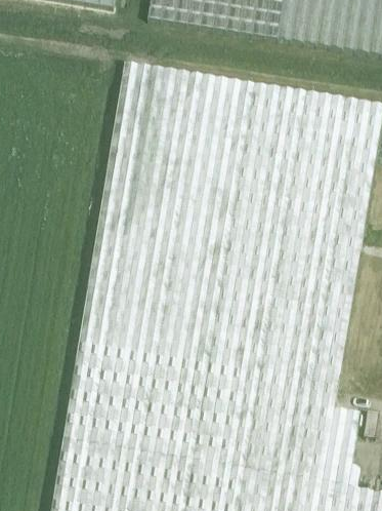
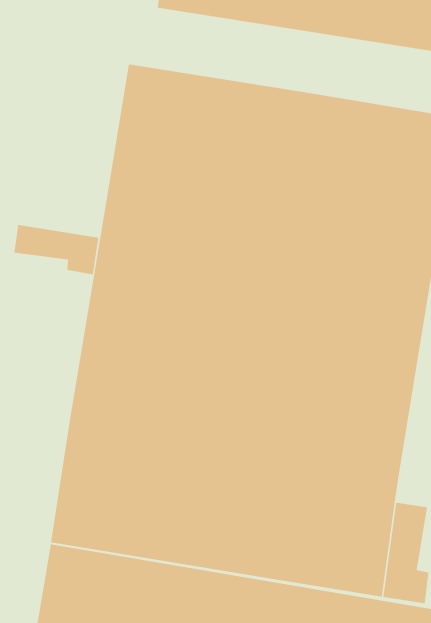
building: none -> [14,224,99,275]

